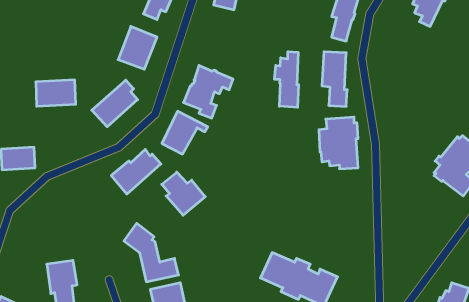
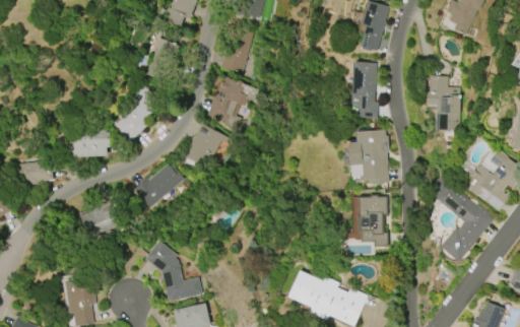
building: none -> [221,25,254,73]
building: [275,52,299,107] -> none
building: none -> [427,77,460,132]
building: [36,80,76,106] -> [68,131,110,158]
building: none -> [427,175,496,262]
building: [162,172,205,215] -> none
building: none -> [358,195,389,248]
building: none -> [82,204,121,239]

